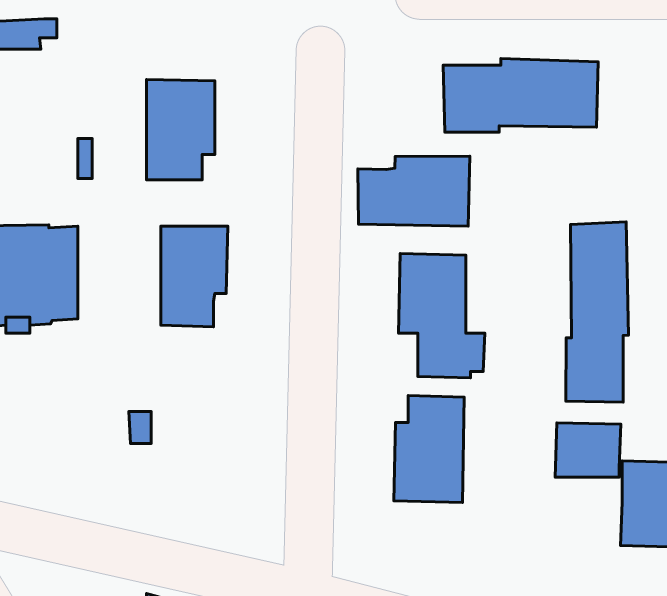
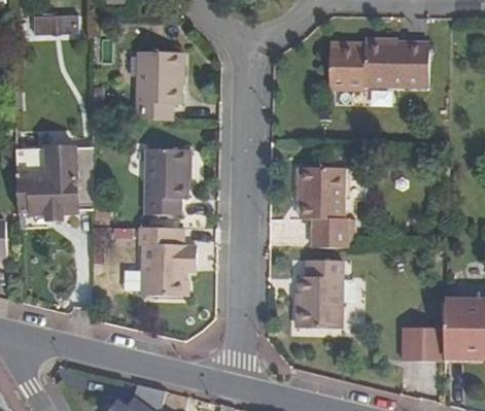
building: [358,156,470,226] -> none
building: [566,222,629,402] -> none
building: none -> [141,227,196,301]
building: [555,423,621,477] -> [402,327,444,362]

